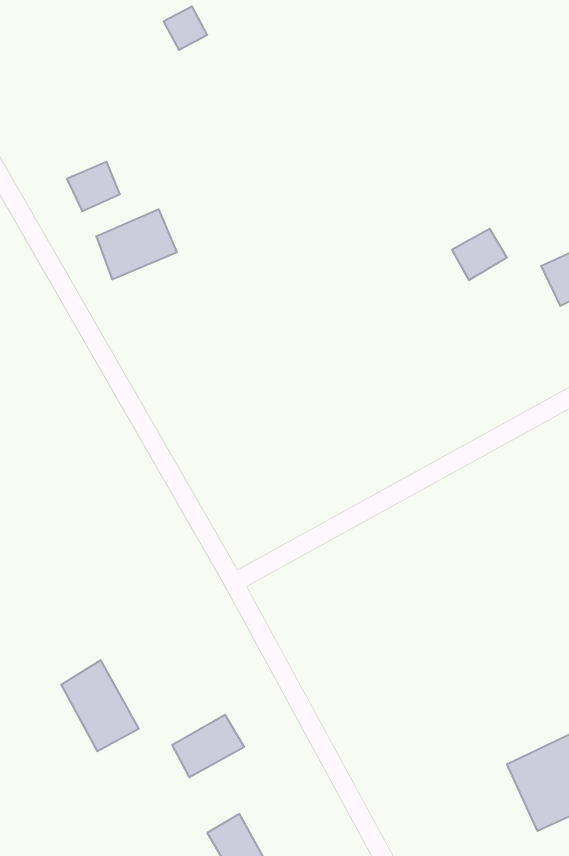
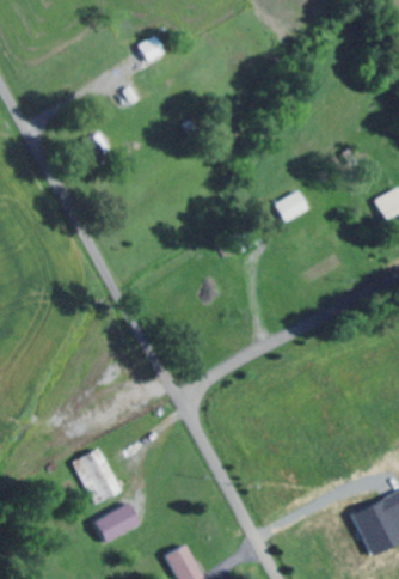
building: [96,209,177,279] -> none
building: [452,229,507,280] -> [275,190,309,223]
building: [172,715,244,777] -> [94,502,140,542]

